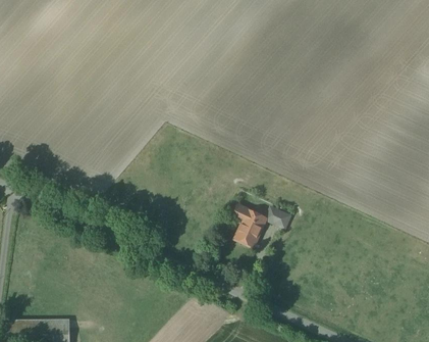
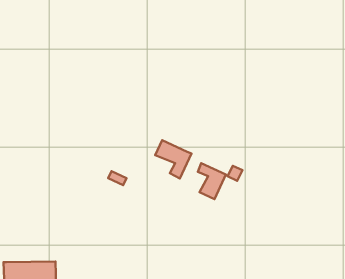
building: none -> [155,140,192,178]

